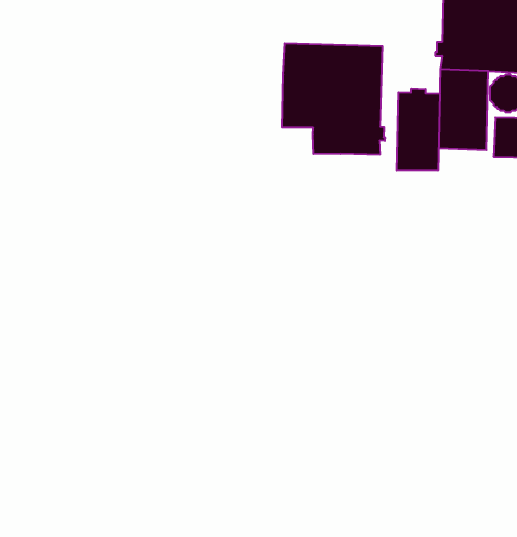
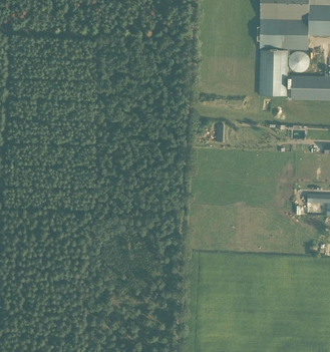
building: [282,43,385,155] -> none
building: [397,89,440,171] -> none

